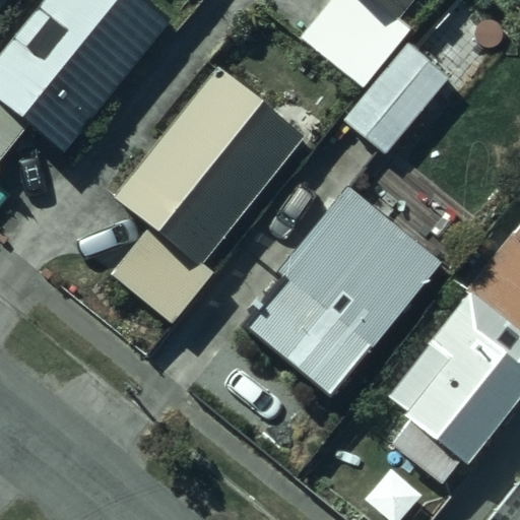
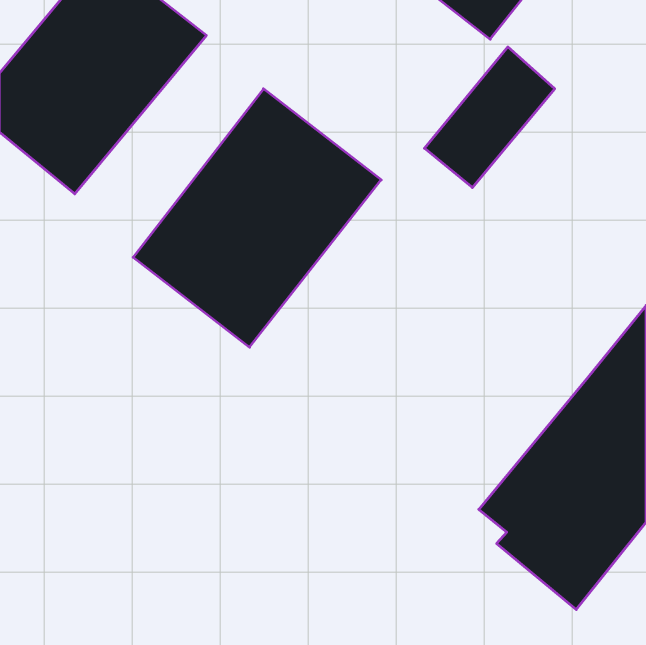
building: [239,181,441,394] -> none

